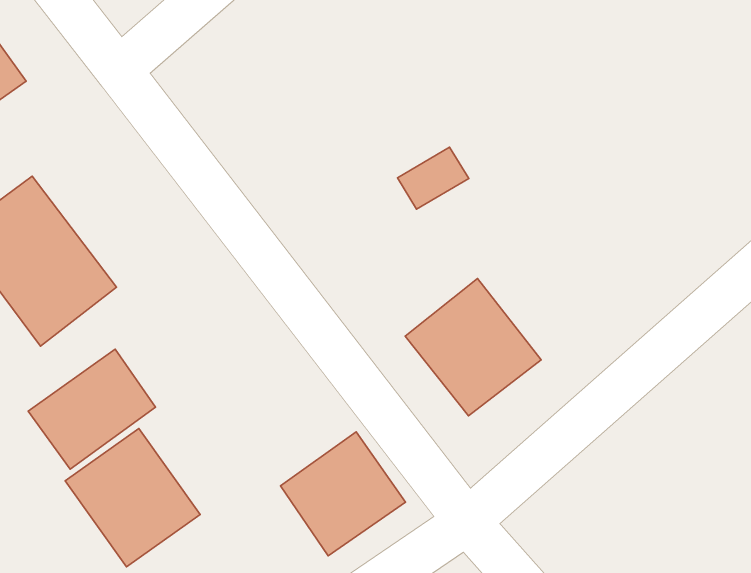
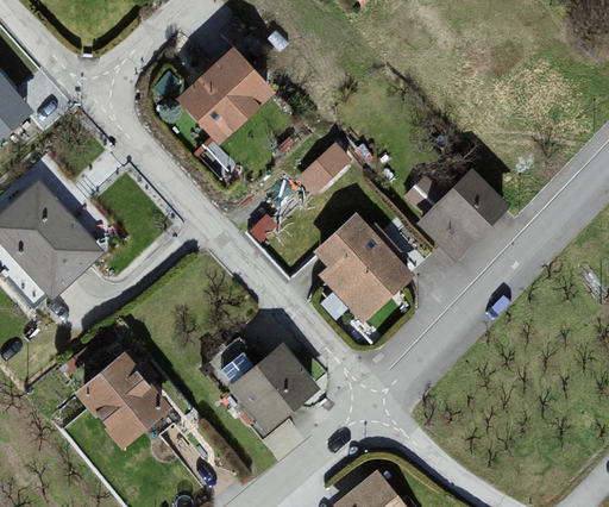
building: none -> [180,44,280,143]
building: none -> [415,165,509,258]
building: [28,349,155,469] -> none

